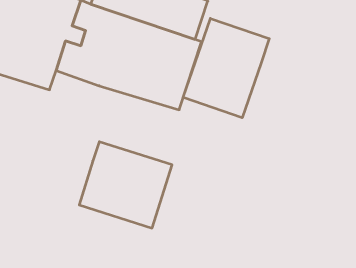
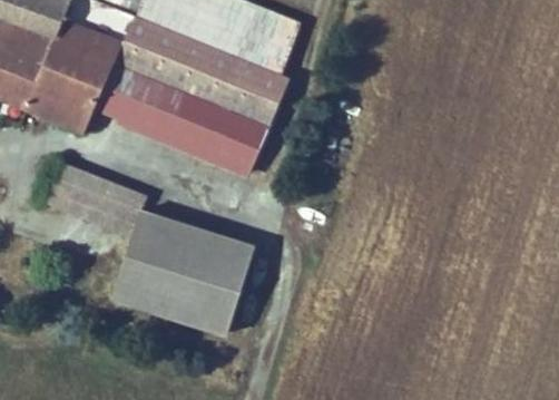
building: [183,18,269,118] -> none
building: none -> [48,169,150,237]

